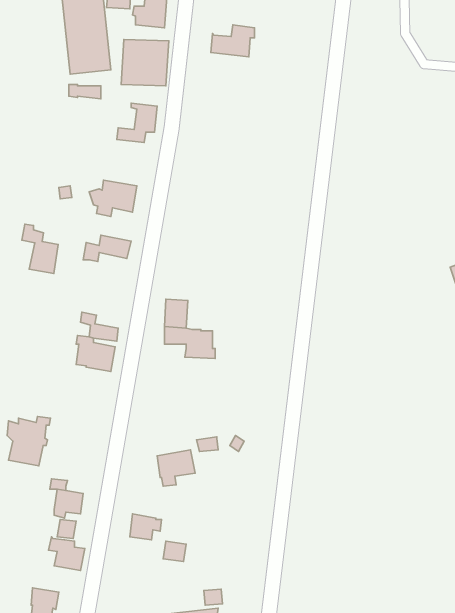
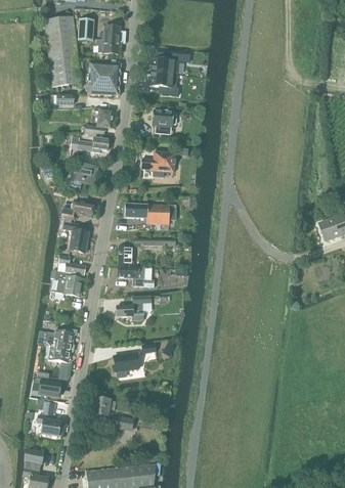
building: none -> [149,72,178,95]
building: none -> [152,106,176,135]
building: none -> [70,136,109,152]
building: none -> [141,151,174,177]
building: [22,224,58,273] -> [62,218,88,253]
building: none -> [124,204,169,224]
building: none -> [116,304,143,320]
building: [7,417,51,466] -> [46,328,77,363]

